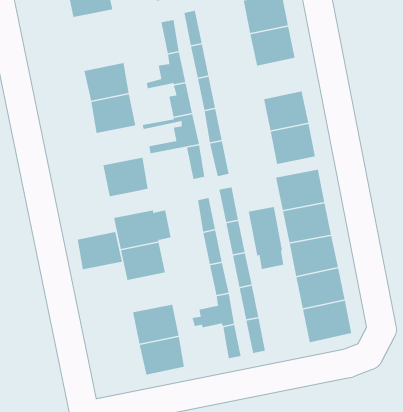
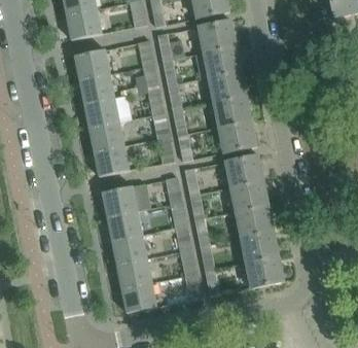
building: none -> [74,48,110,79]
building: none -> [211,70,246,101]
building: none -> [88,121,124,151]
building: [248,206,284,270] -> none
building: [77,231,123,270] -> [112,234,147,264]

